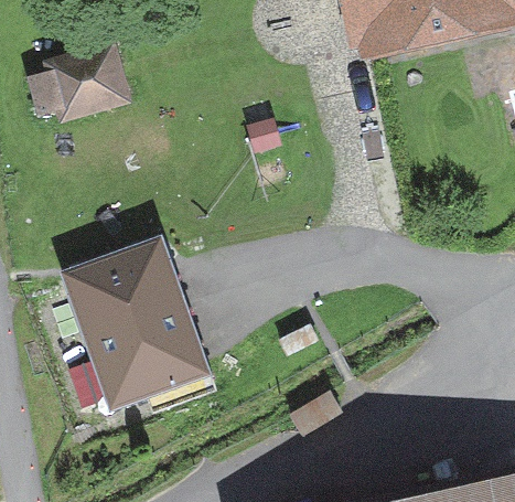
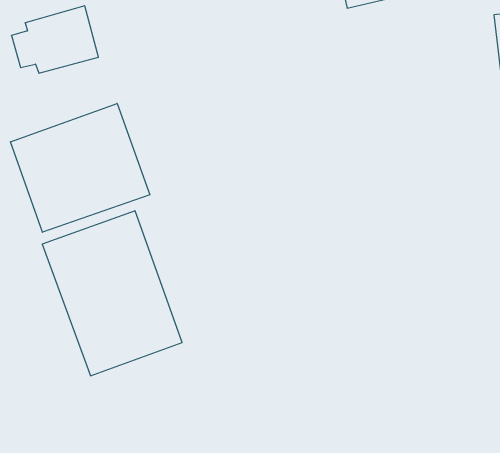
building: none -> [10,103,150,232]

